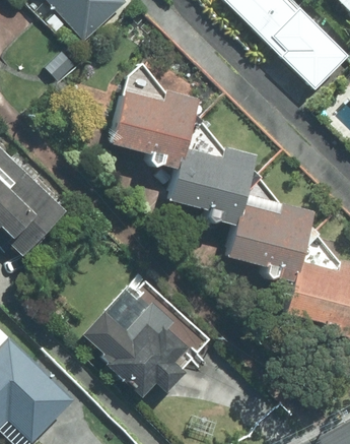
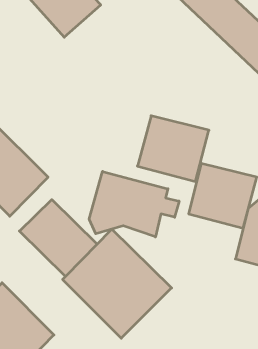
building: [110,64,197,162] -> none
building: none -> [89,171,179,237]
building: none -> [19,200,97,276]

